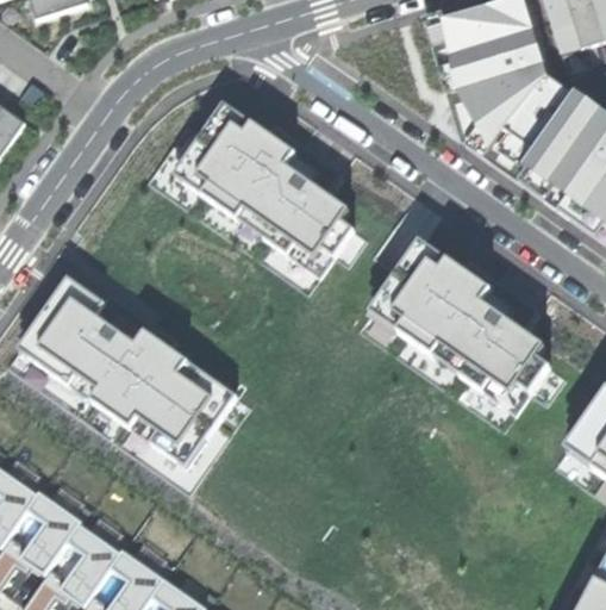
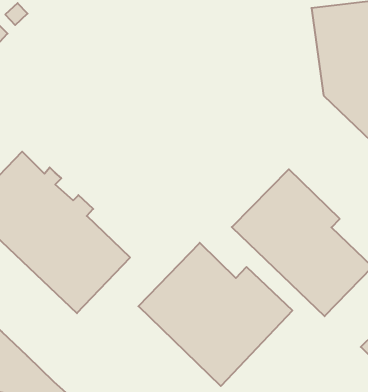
building: [148,101,367,293] -> none
building: none -> [138,243,292,386]

